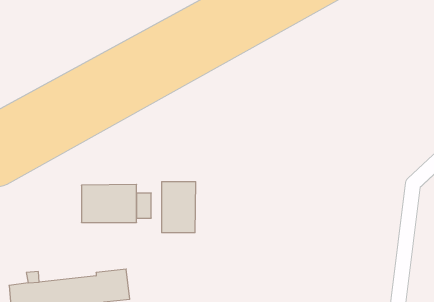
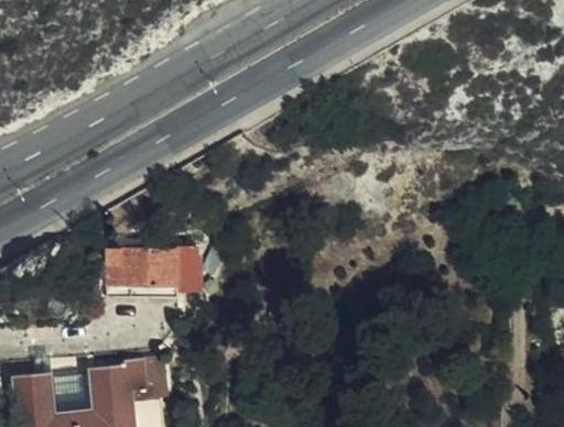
building: [162,182,196,233] -> none

